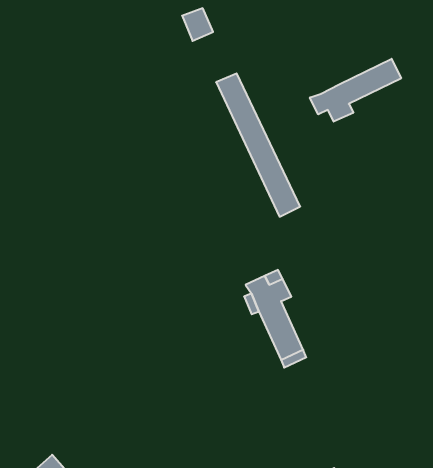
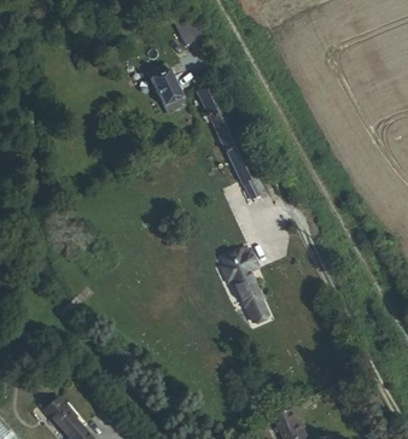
building: none -> [146,65,185,115]
building: [310,59,401,122] -> none

